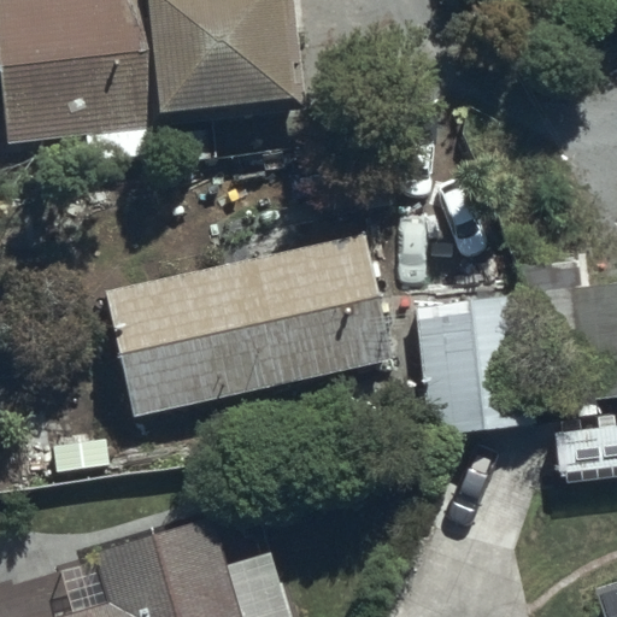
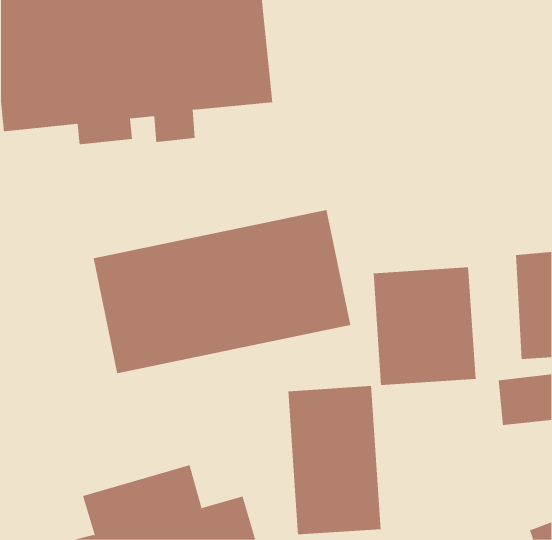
building: none -> [288,385,381,535]

